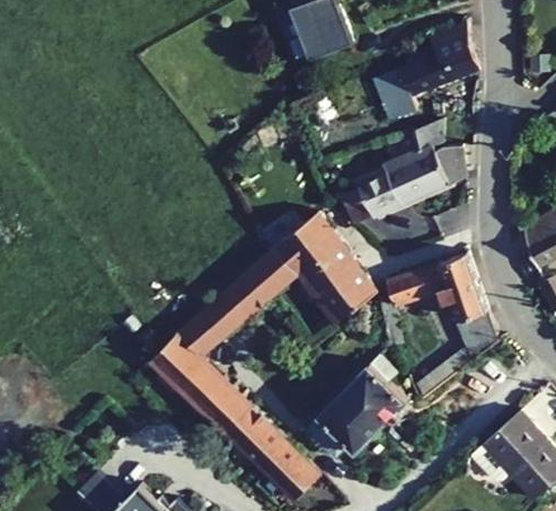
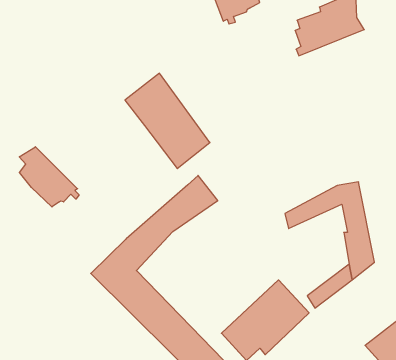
building: [342,122,465,224] -> none
building: none -> [19,147,79,207]
building: [279,211,380,324] -> [125,73,210,169]

